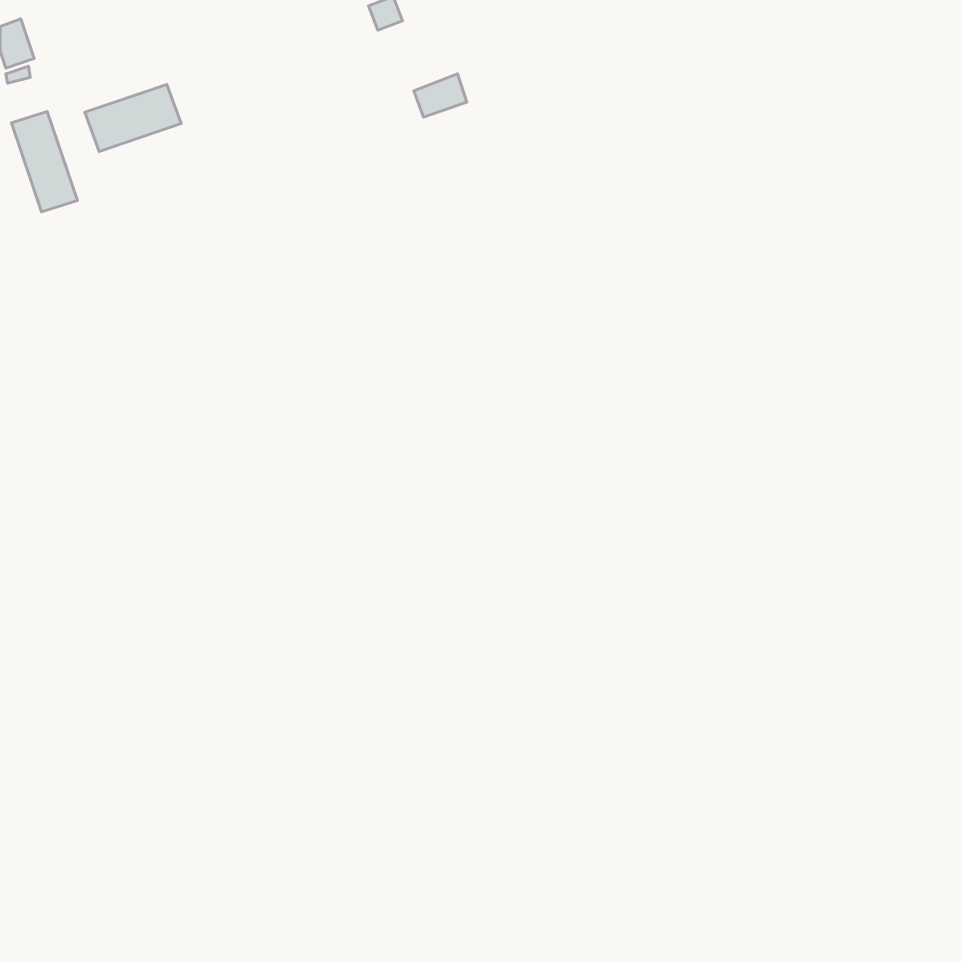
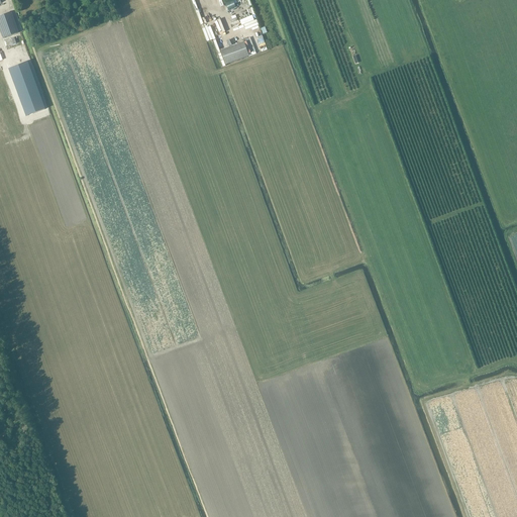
building: [85,84,181,151] -> none

